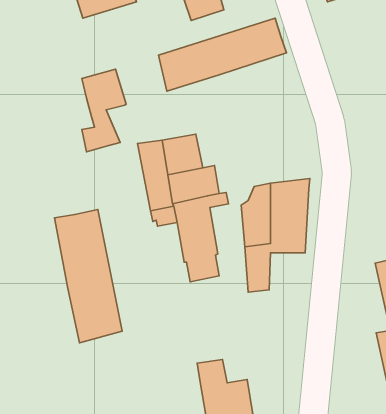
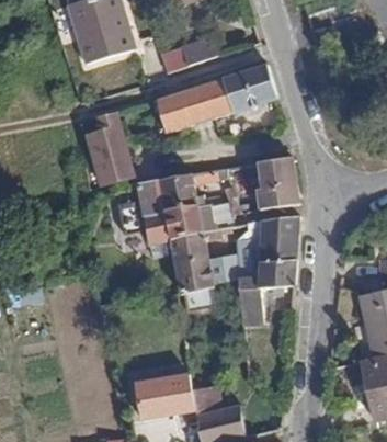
building: none -> [257,156,299,209]
building: [54,210,122,343] -> none
building: none -> [137,373,196,419]

